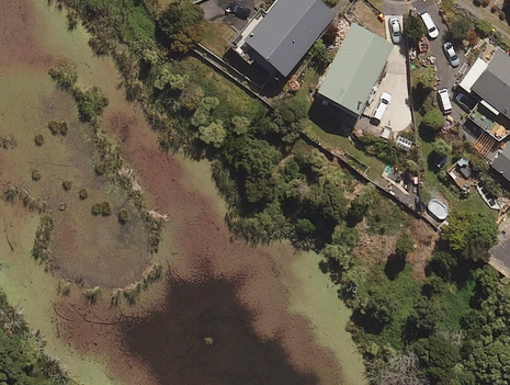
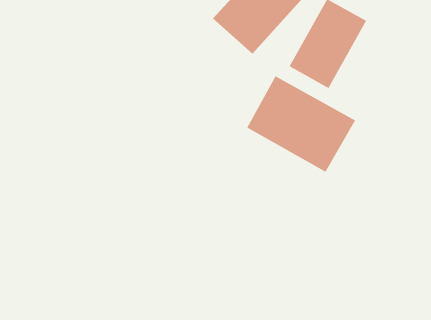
building: none -> [246,75,356,173]

